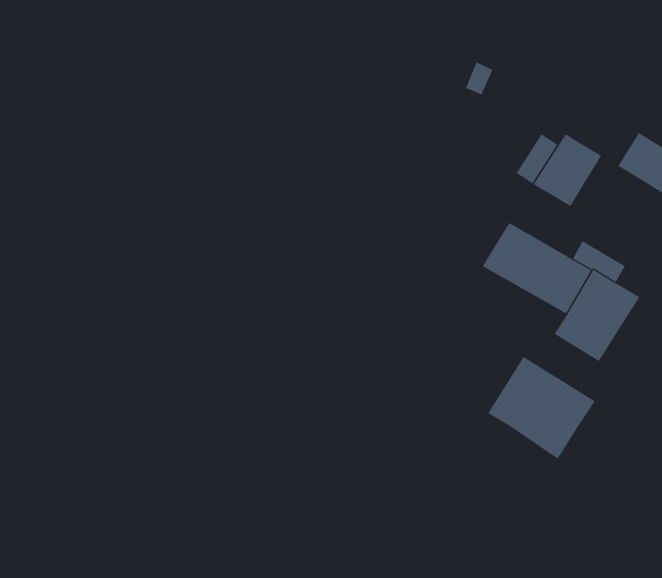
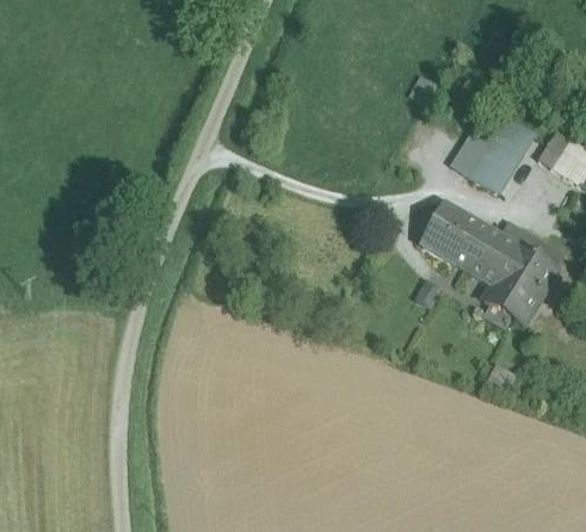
building: none -> [493,115,533,150]
building: [488,356,595,459] -> none

